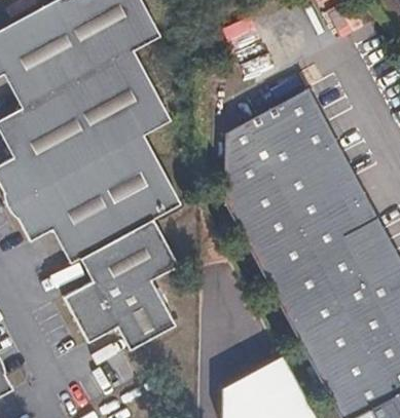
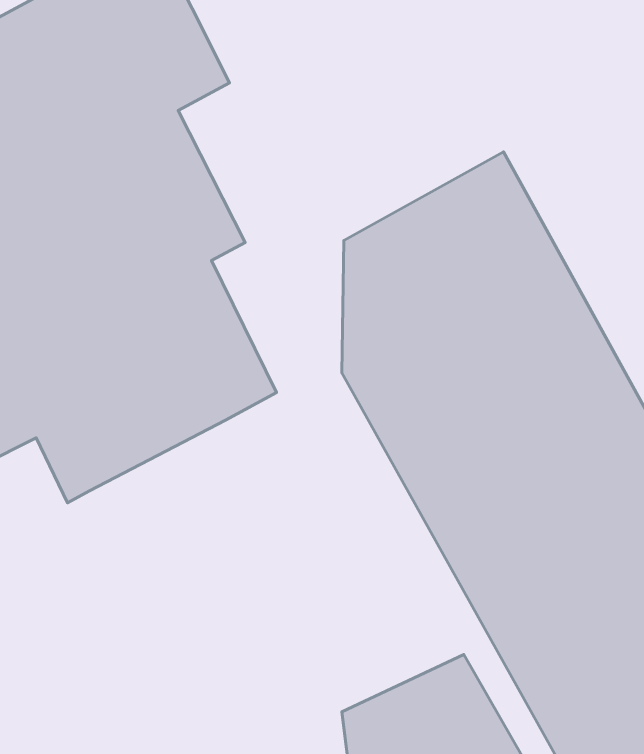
building: [67,222,181,352] -> none

